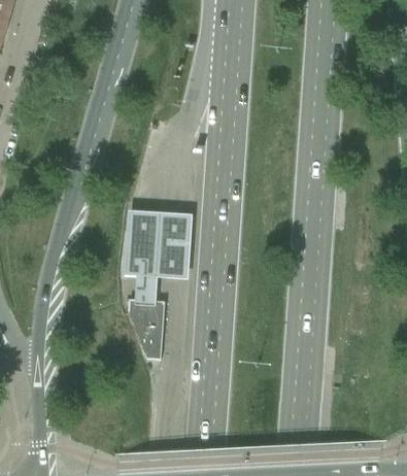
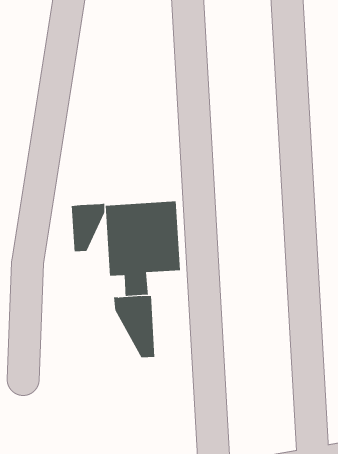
building: none -> [71,203,105,252]

